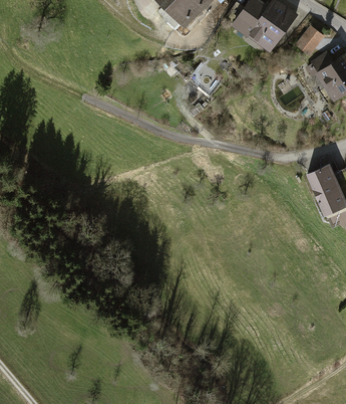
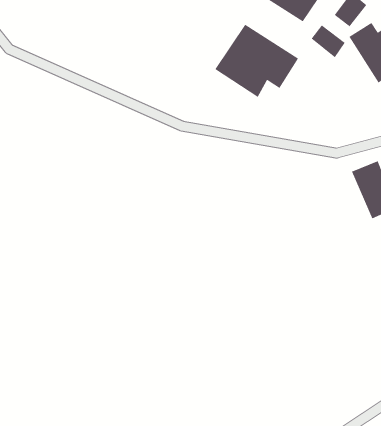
building: none -> [214,24,299,98]
building: none -> [311,25,346,58]

